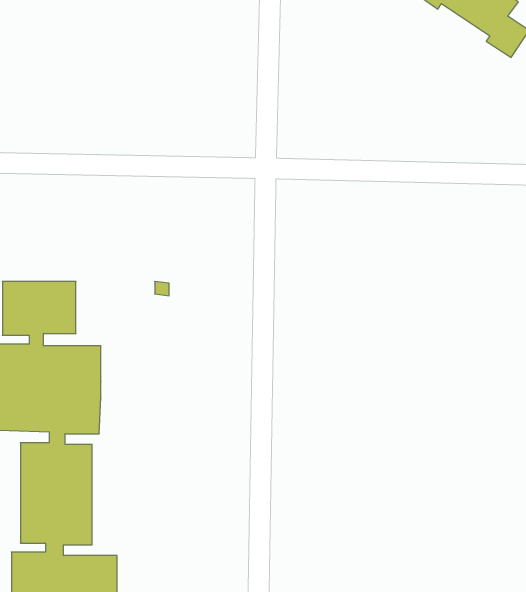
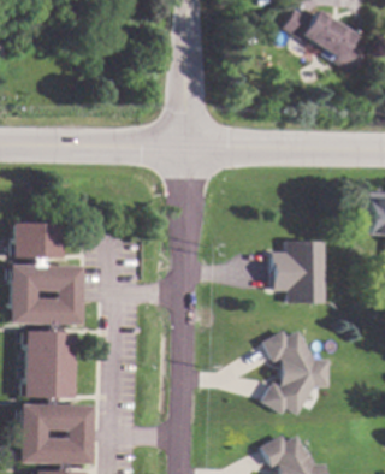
building: none -> [270,242,320,303]
building: none -> [259,331,326,415]

